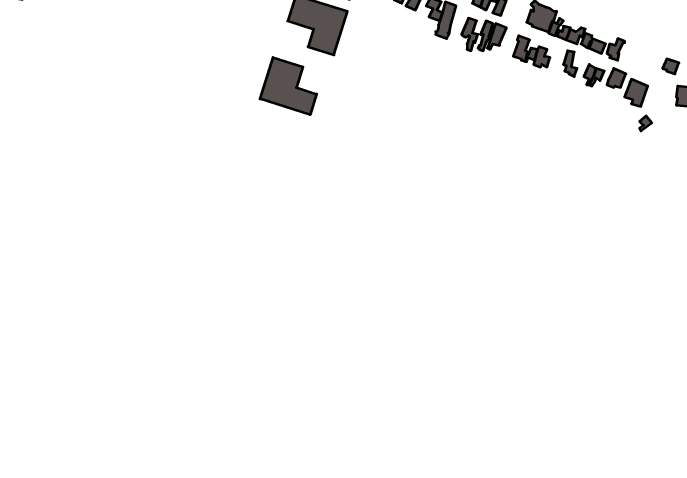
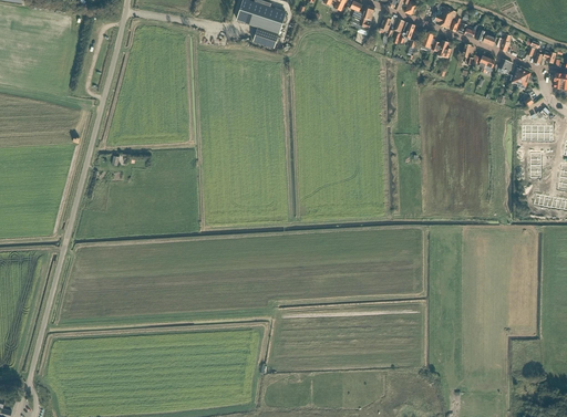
building: [260,57,317,115] -> none

